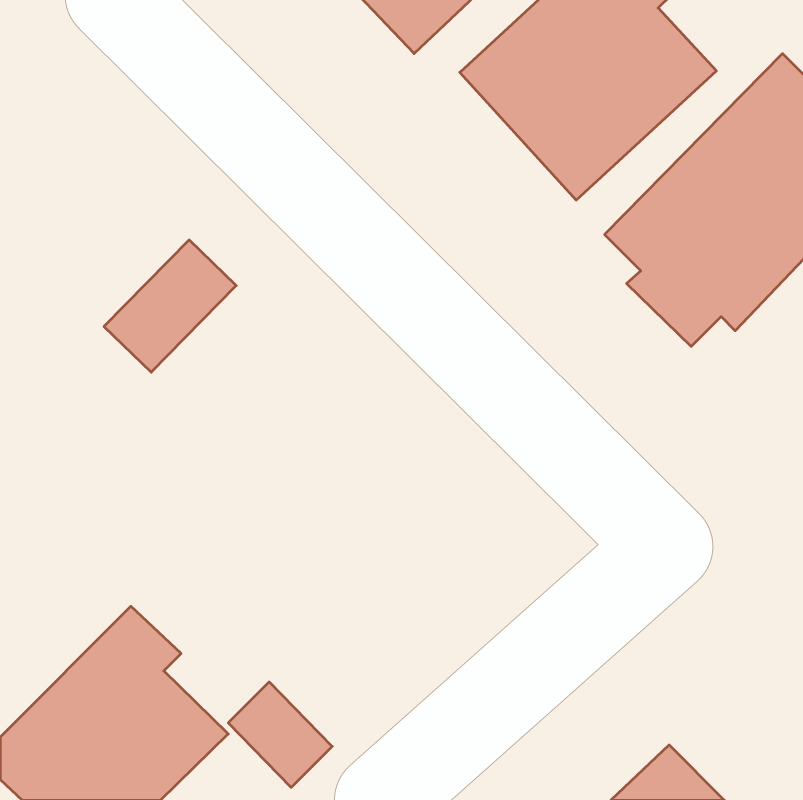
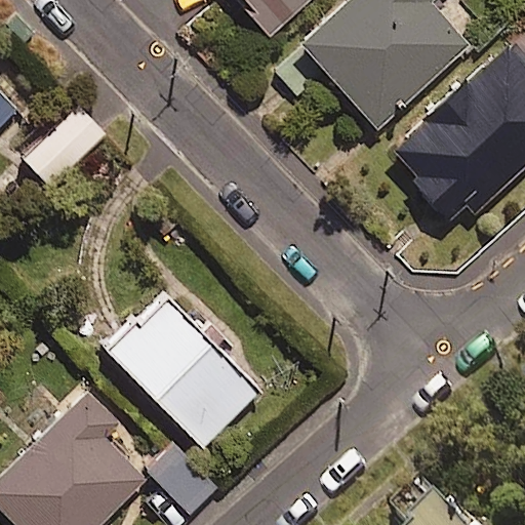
building: [104,240,236,372] -> [23,103,109,189]
building: none -> [103,288,265,449]

